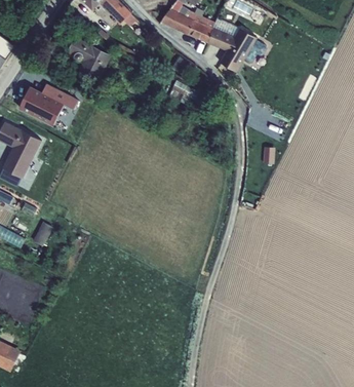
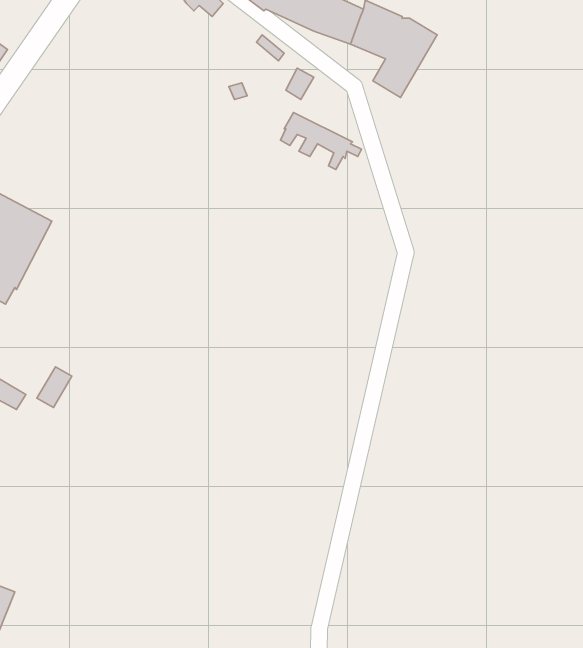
building: [67,37,110,83] -> none
building: [16,82,79,124] -> none

